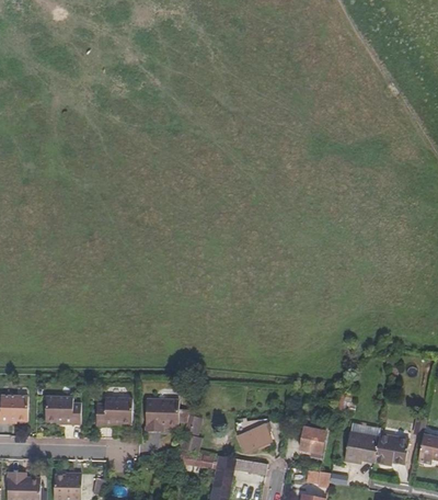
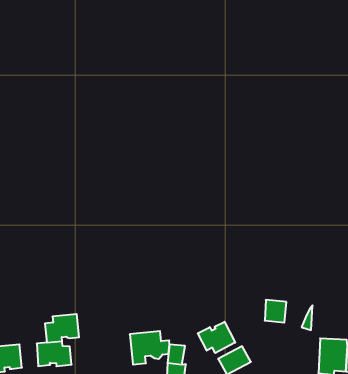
building: none -> [198,322,235,353]
building: [95,397,130,424] -> [45,314,79,343]
building: [306,427,331,453] -> [265,300,286,323]

